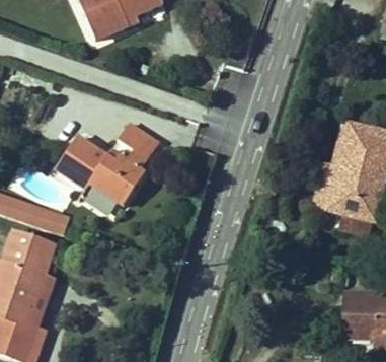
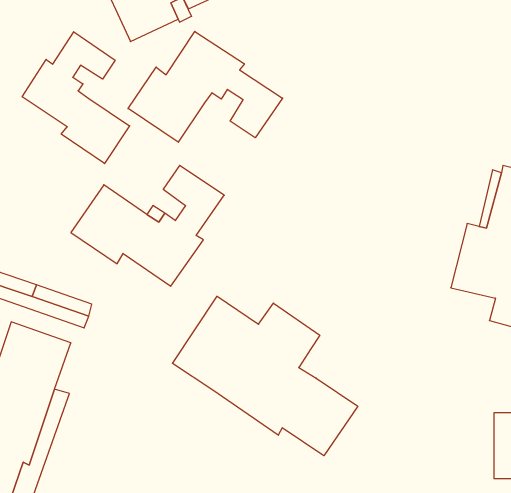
building: none -> [128,31,283,142]
building: none -> [22,32,130,164]
building: none -> [172,296,358,456]

